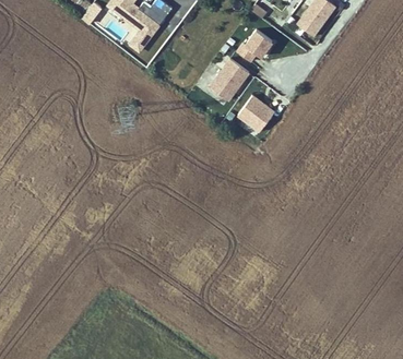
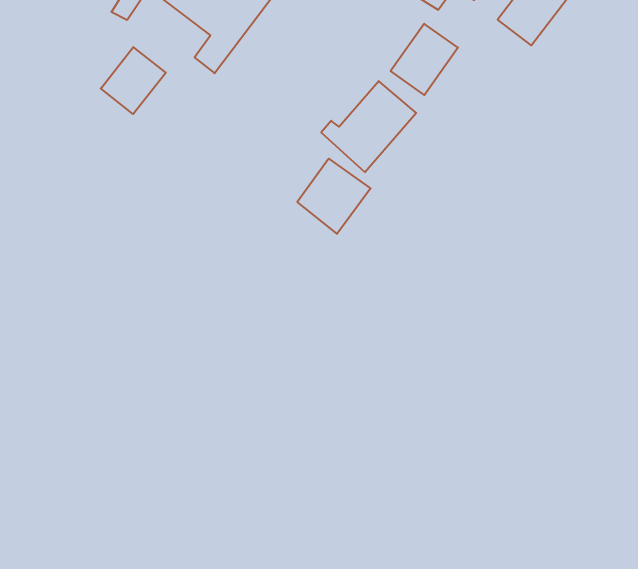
building: none -> [101,47,166,114]
building: [235,94,275,135] -> [297,159,371,234]

